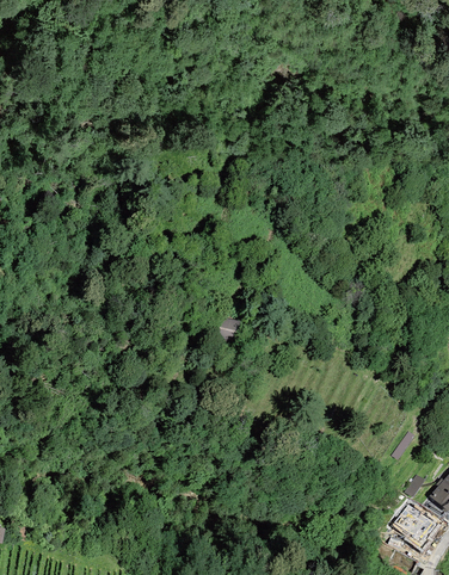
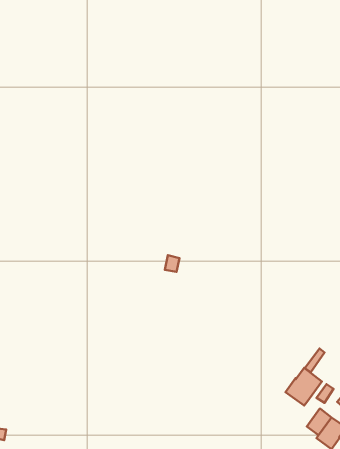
building: none -> [286,368,322,405]

